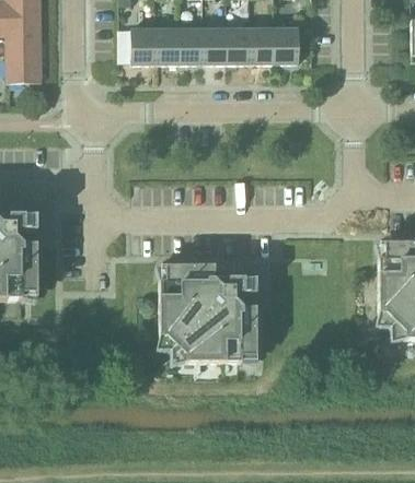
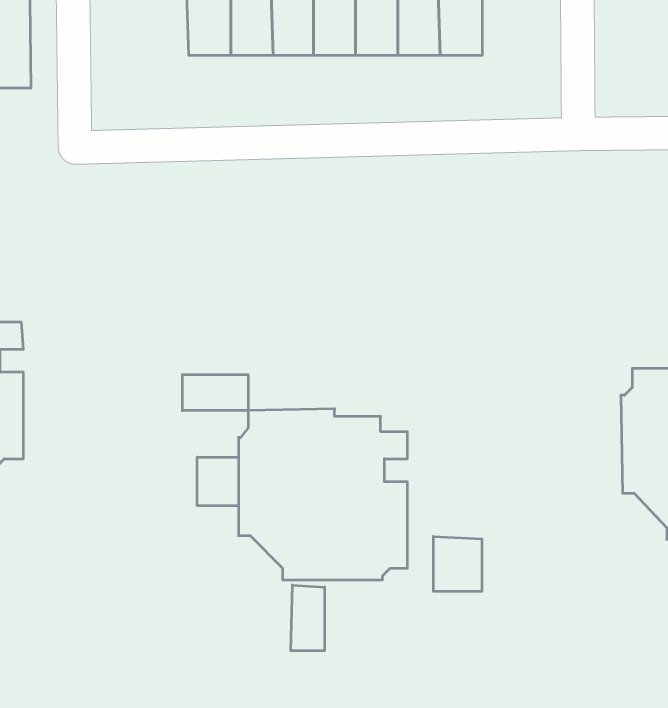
building: none -> [182,375,248,411]
building: none -> [197,457,238,506]
building: none -> [433,536,482,591]
building: none -> [291,585,325,651]

